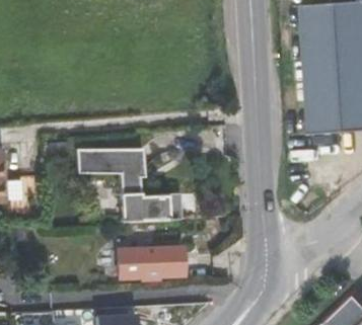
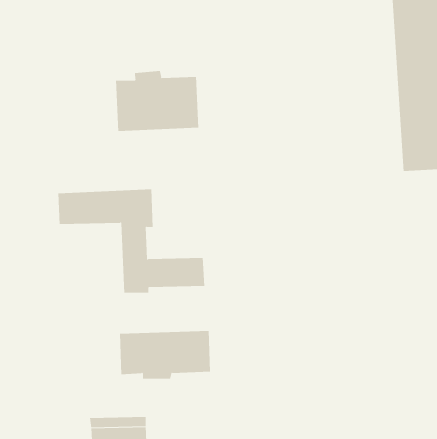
building: none -> [115,70,199,132]

